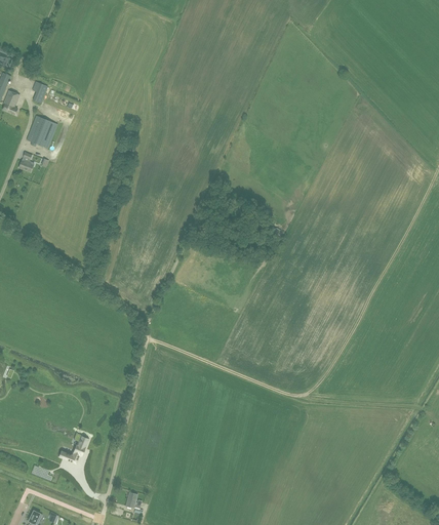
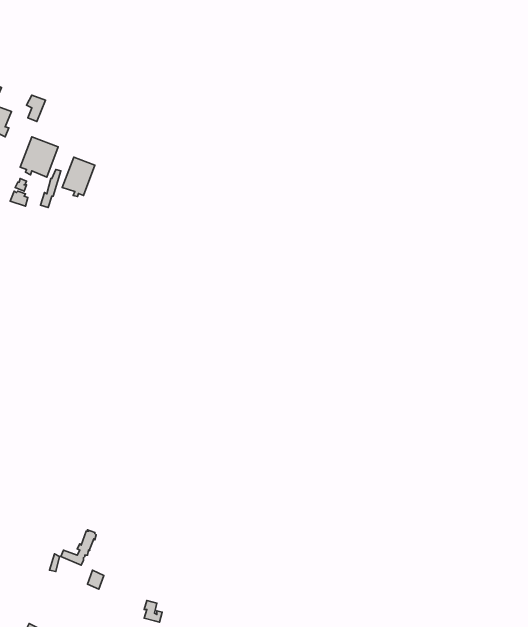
building: none -> [62,157,95,196]

